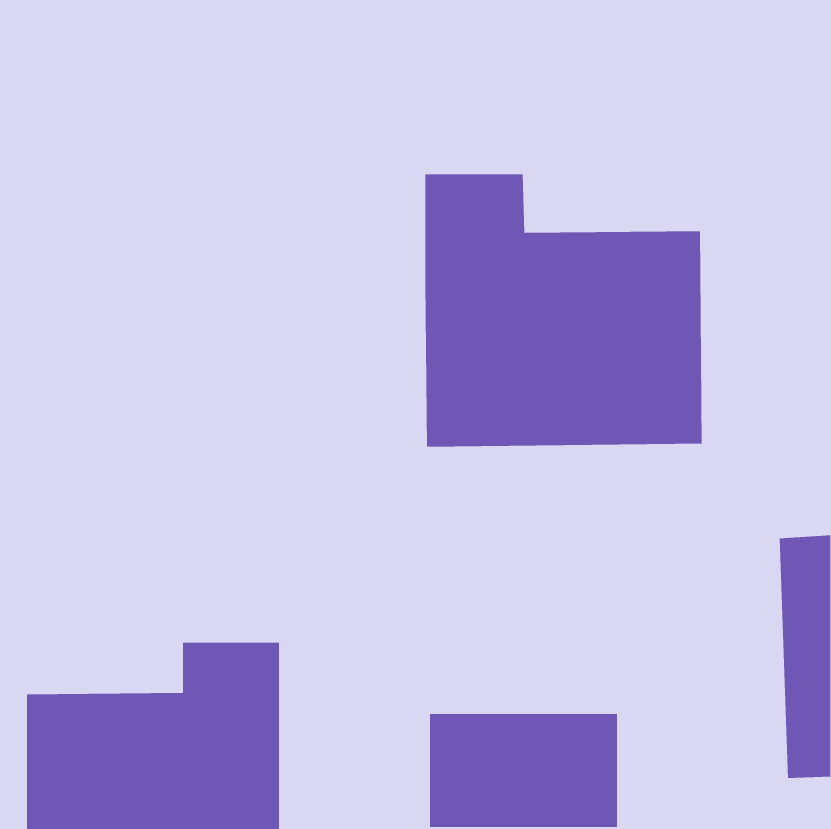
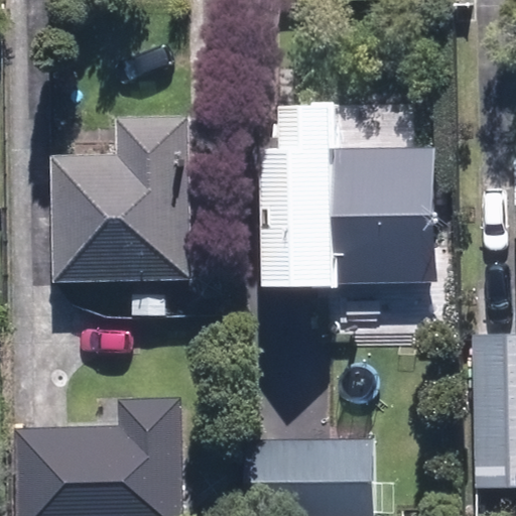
building: none -> [54,117,183,278]

